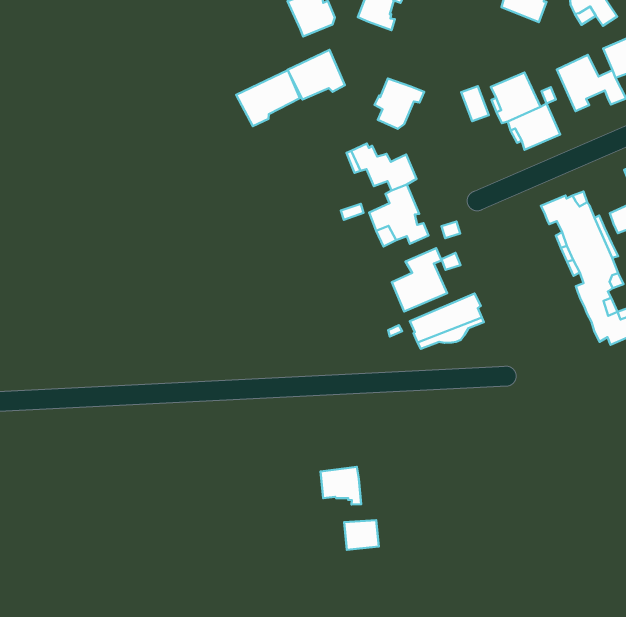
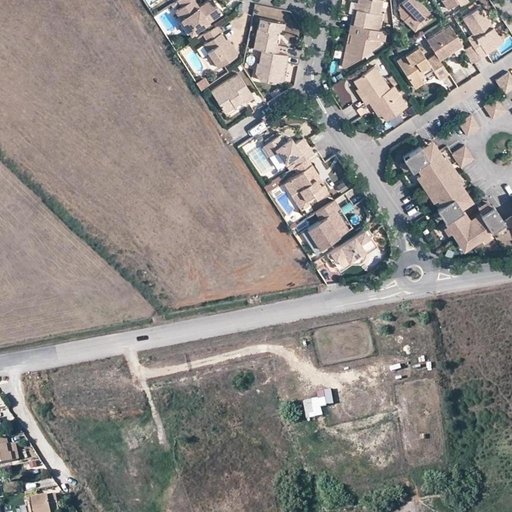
building: none -> [342,24,386,68]
building: [236,70,300,126] -> none
building: [375,78,424,129] -> [255,50,288,84]
building: [321,467,361,505] -> none

